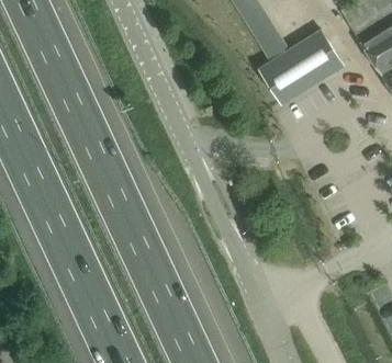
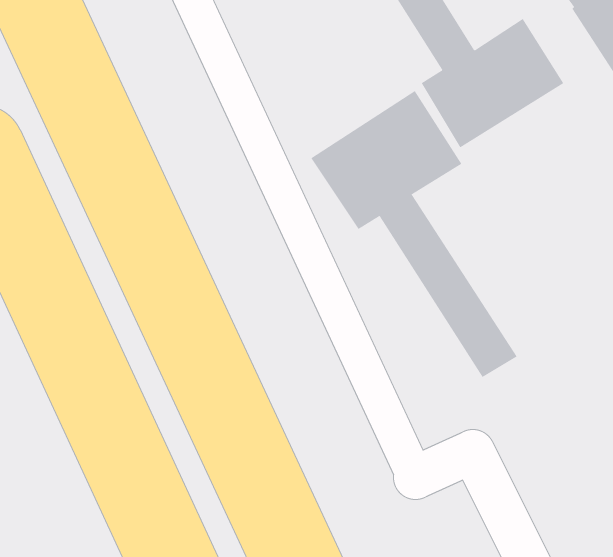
building: none -> [310,90,517,378]

